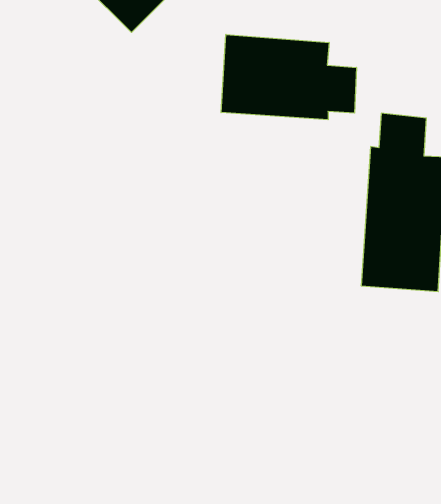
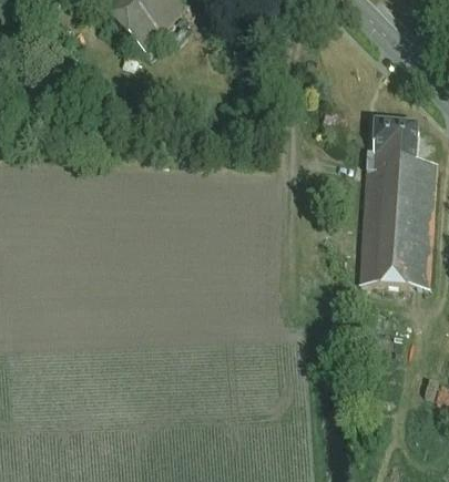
building: [221,34,356,120] -> none

